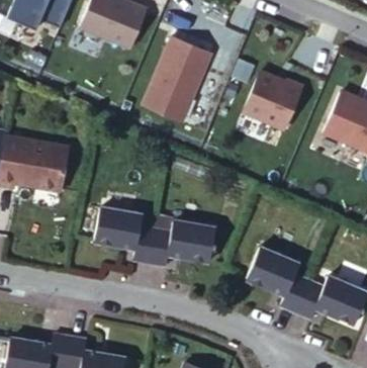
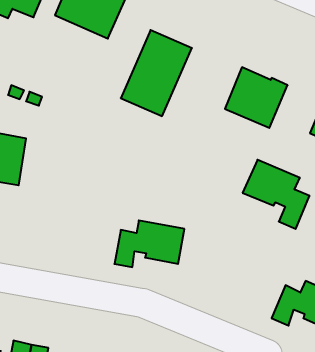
building: [87,207,150,262] -> none
building: [243,248,306,313] -> [243,160,310,229]

